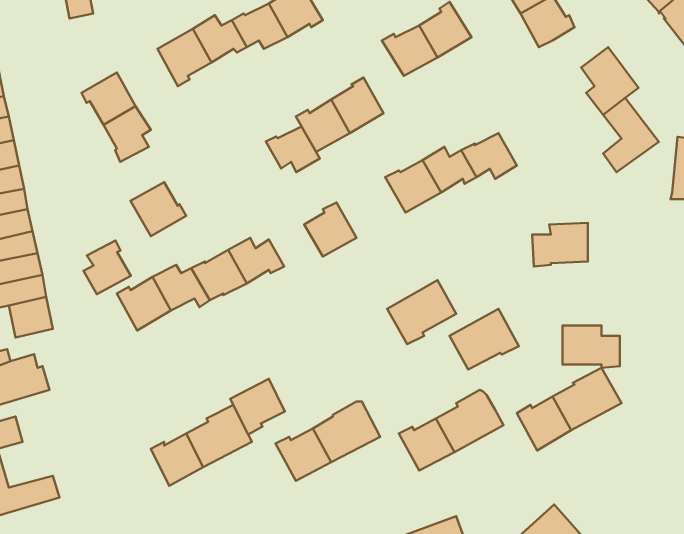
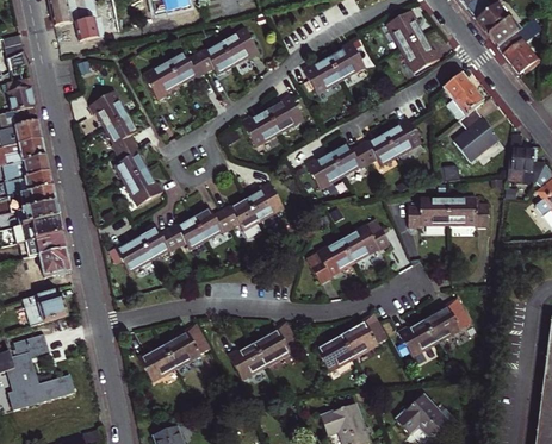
building: none -> [384,117,421,155]
building: [266,126,320,172] -> [222,196,260,229]
building: [83,240,131,294] -> [114,142,148,180]
building: [449,309,519,370] -> [341,217,390,259]
building: [563,326,620,368] -> [447,195,488,225]
building: [230,379,285,434] -> none

